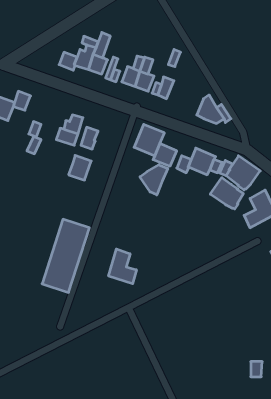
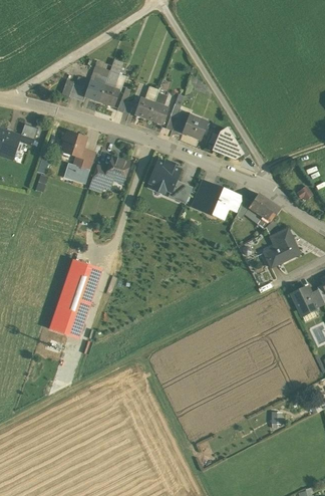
building: none -> [182,112,209,140]
building: none -> [61,132,85,156]
building: [69,155,91,180] -> [105,156,129,182]
building: [140,165,168,195] -> none
building: [210,178,243,209] -> none
building: [109,249,136,284] -> none

